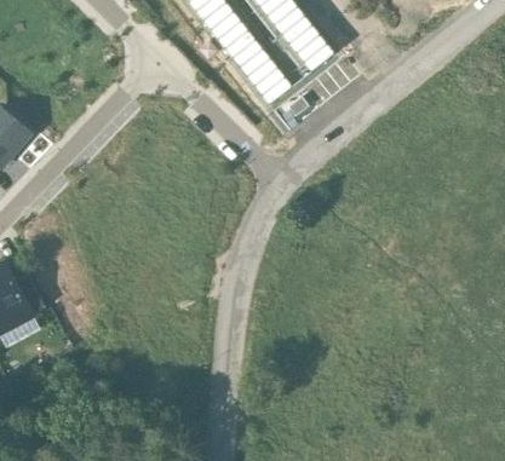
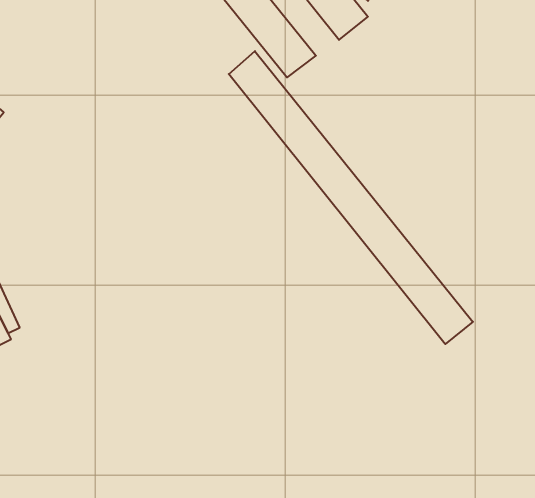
building: none -> [229,51,473,344]

